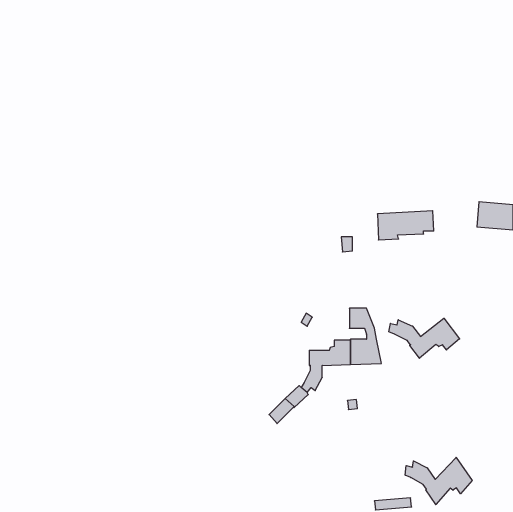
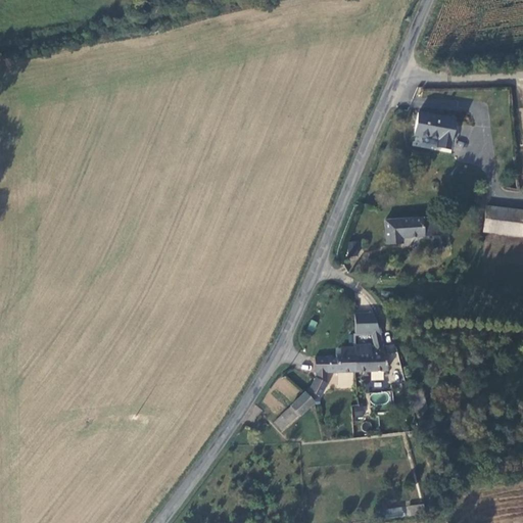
building: none -> [414,114,458,154]
building: [389,318,460,358] -> none
building: [405,457,472,505] -> none

